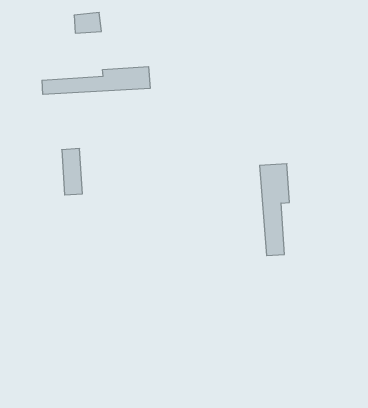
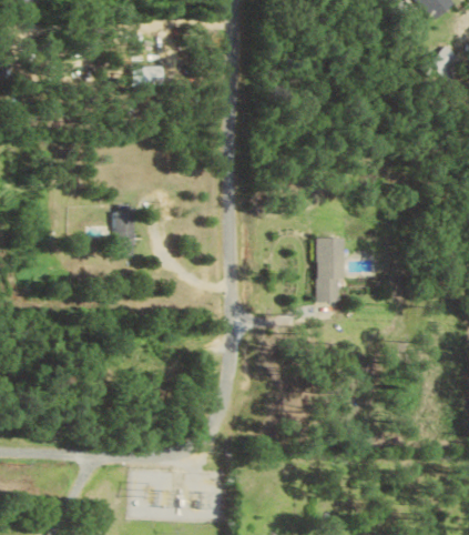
building: [42,67,150,94] -> none

